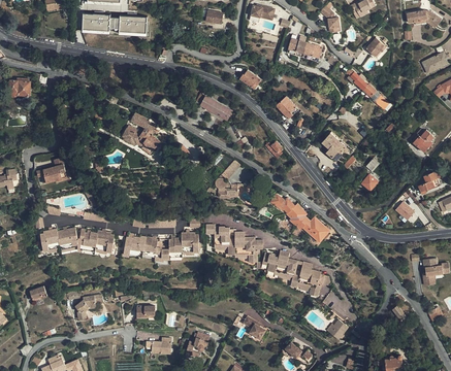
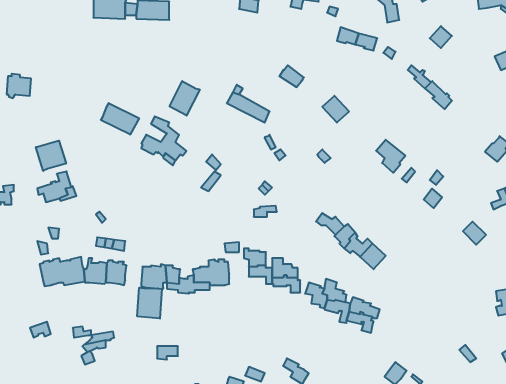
building: none -> [170,81,200,116]
building: none -> [101,103,139,135]
building: none -> [36,141,66,171]
building: none -> [137,288,162,319]

